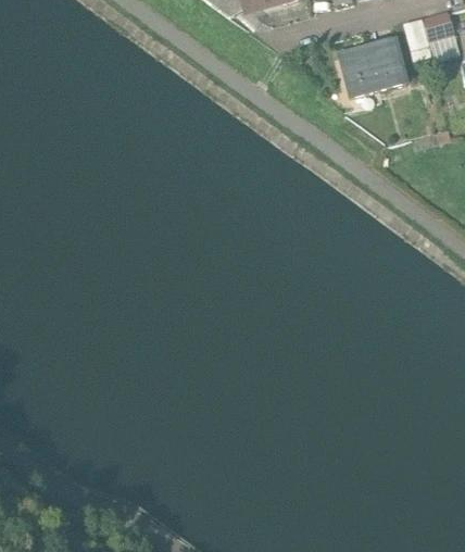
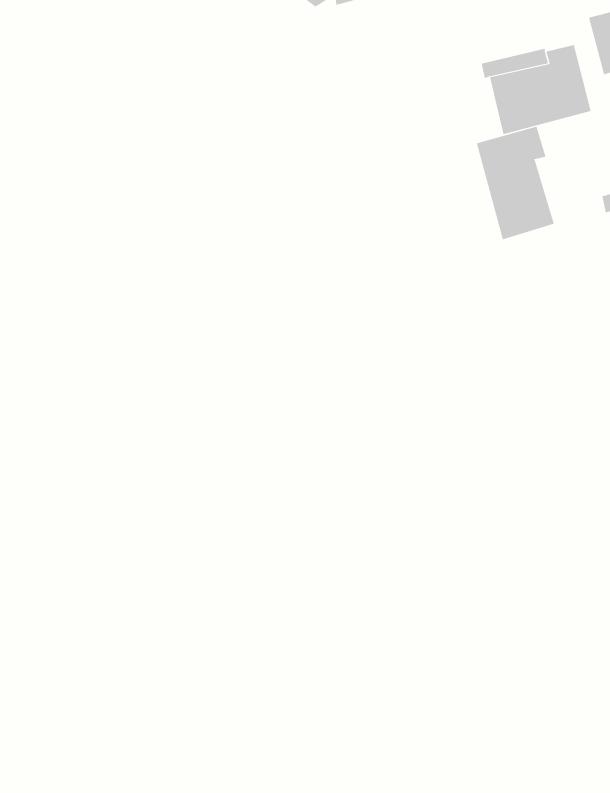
building: none -> [476,126,555,240]

